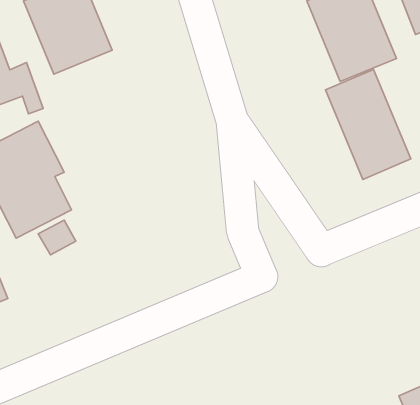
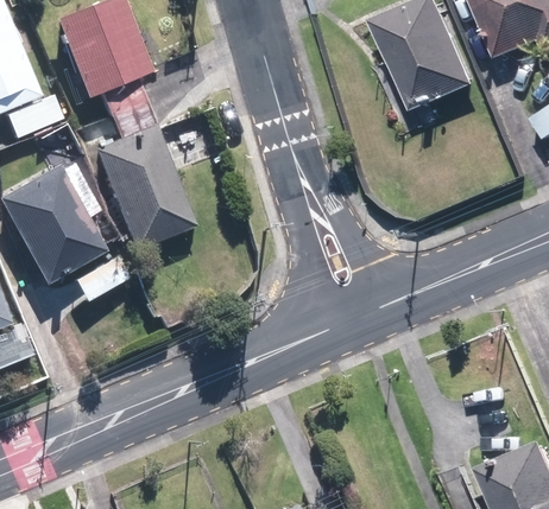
building: none -> [90,88,193,250]
building: [326,70,411,179] -> none

